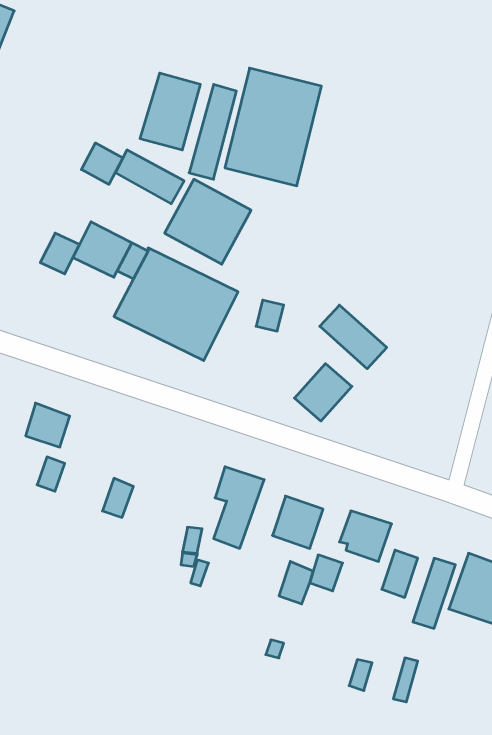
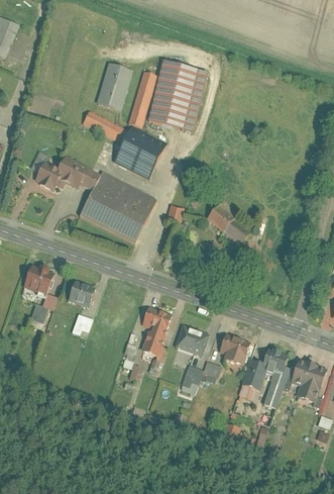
building: [81,143,123,184] -> none
building: [294,364,352,421] -> none
building: none -> [67,283,95,309]

